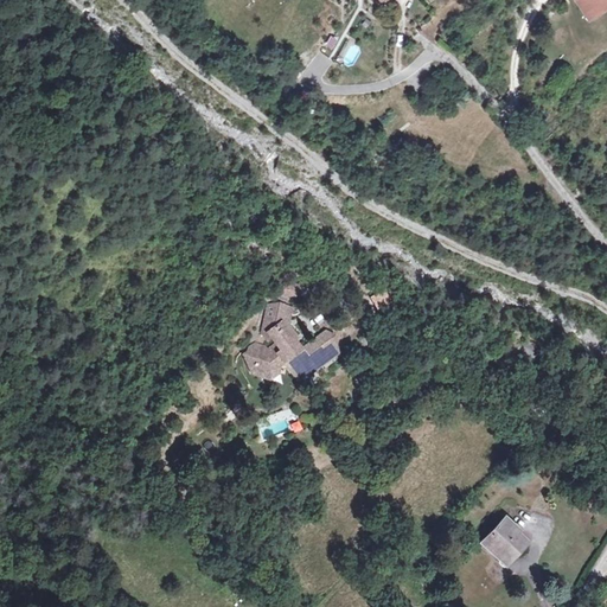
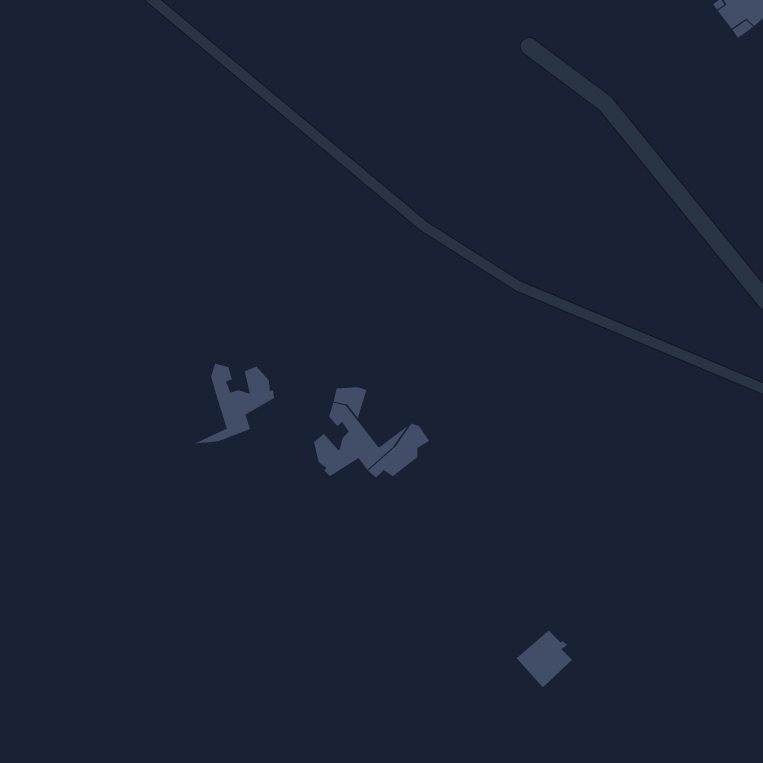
building: none -> [191,363,275,445]
building: [480,509,525,555] -> [516,630,573,688]

